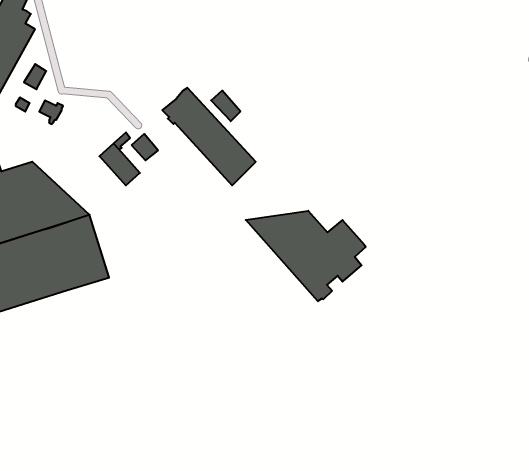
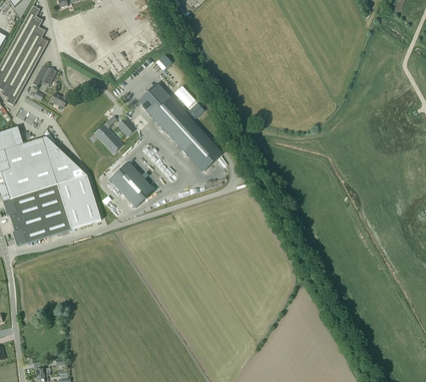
building: none -> [188,136,222,170]
building: none -> [109,161,153,207]
building: [246,211,366,301] -> none

